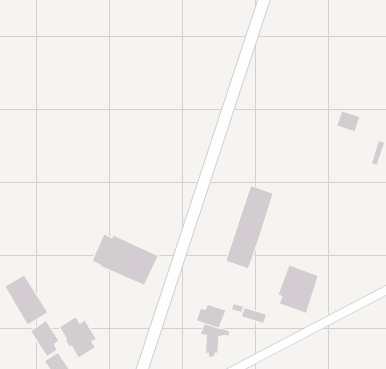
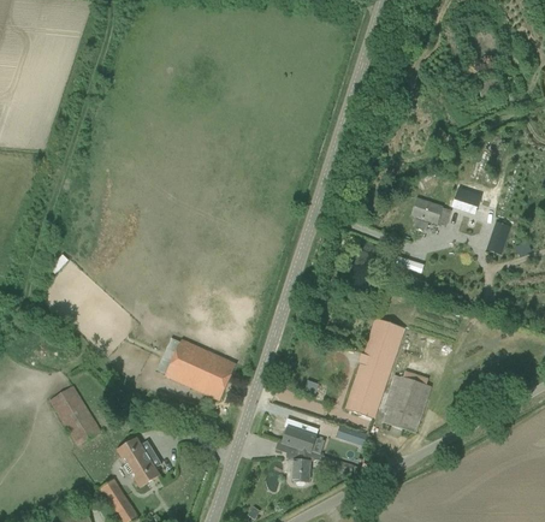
building: none -> [410,197,450,229]
building: [226,185,273,269] -> [345,316,403,417]
building: [31,320,59,357] -> none

